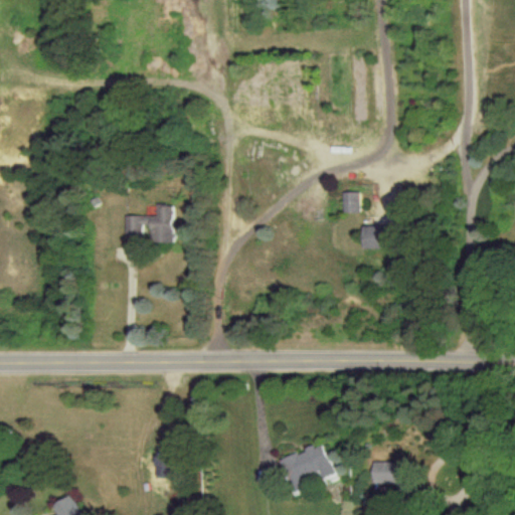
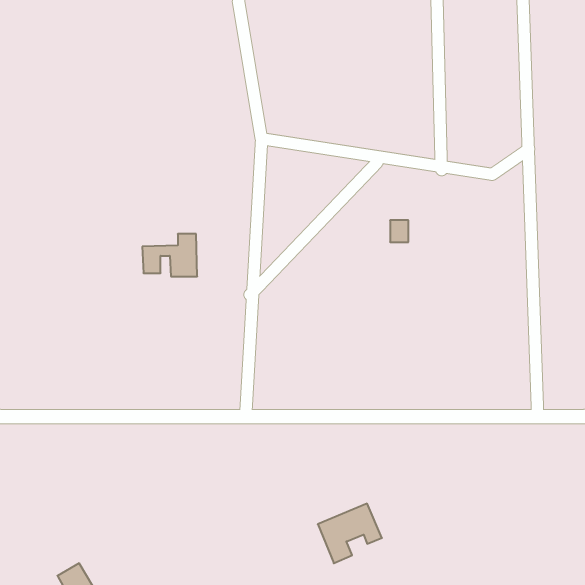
building: [360,227,382,249] -> none
building: [371,462,397,484] -> none

